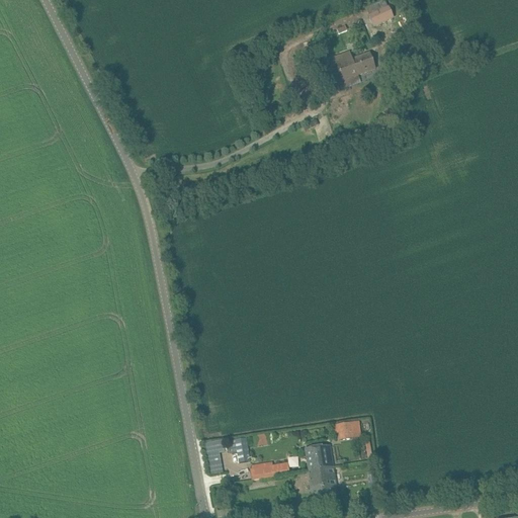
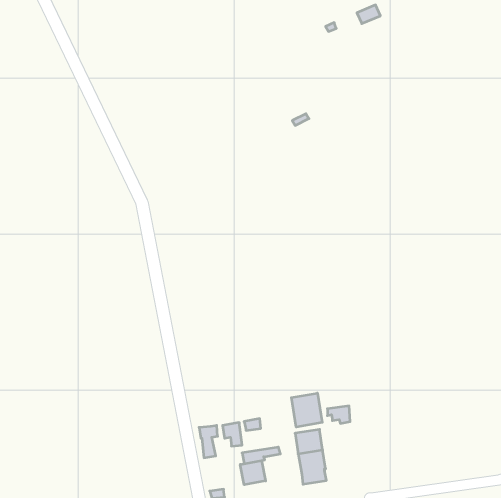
building: [328,51,375,81] -> none
building: none -> [291,393,322,427]
building: none -> [240,461,266,485]

